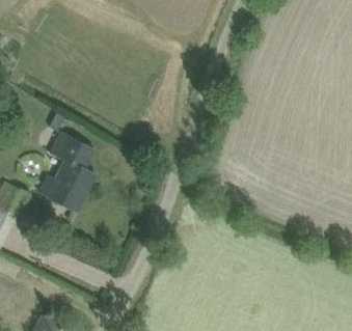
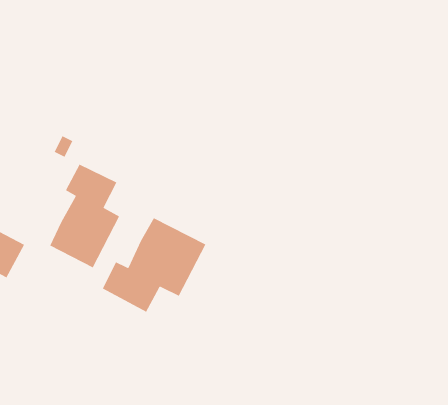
building: none -> [102,217,206,313]

